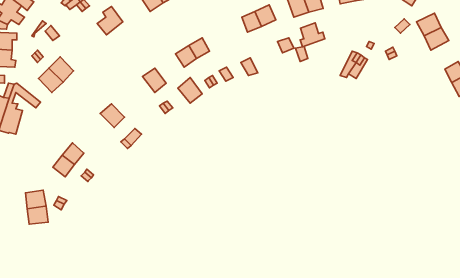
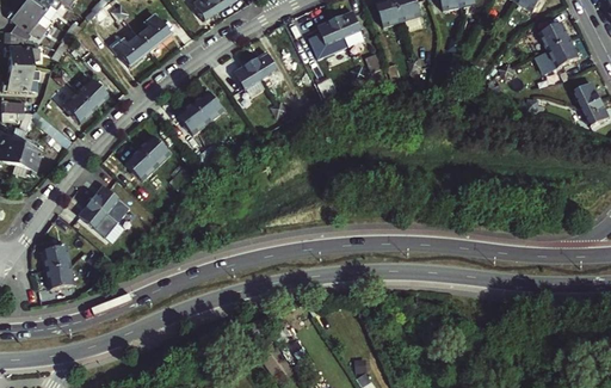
building: [300,23,325,47] -> none
building: none -> [111,36,147,66]
building: [178,78,202,103] -> [177,103,208,135]
building: none -> [124,149,156,181]

